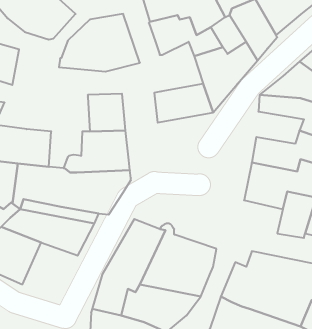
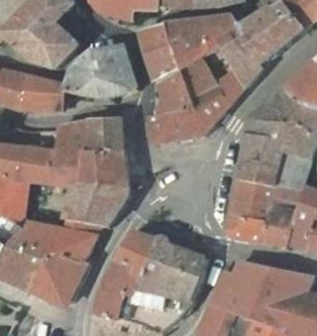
building: none -> [155,69,194,114]
building: none -> [20,75,64,109]
building: none -> [54,119,91,184]
building: none -> [242,132,286,161]
building: none -> [226,213,267,243]
building: none -> [29,251,88,304]

